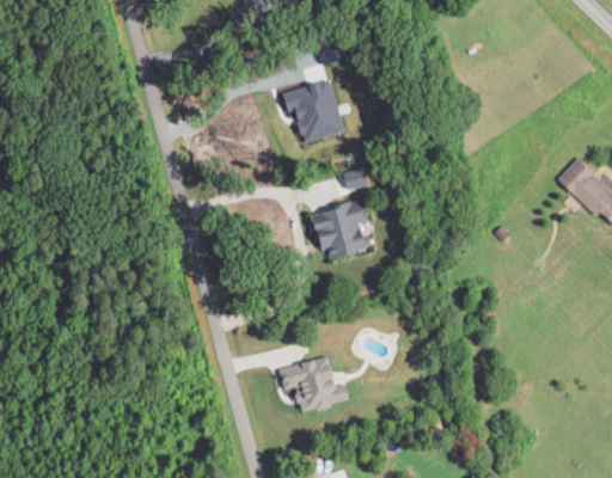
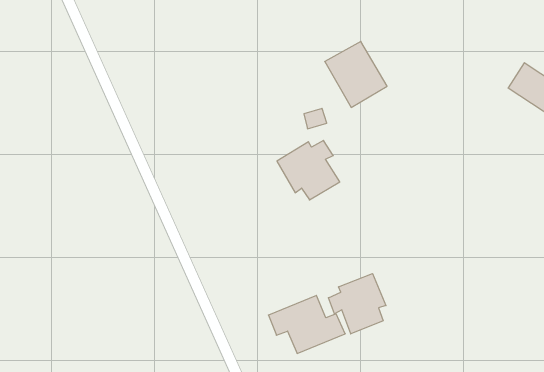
building: [283,80,342,145] -> [325,41,387,107]
building: none -> [328,274,386,334]

